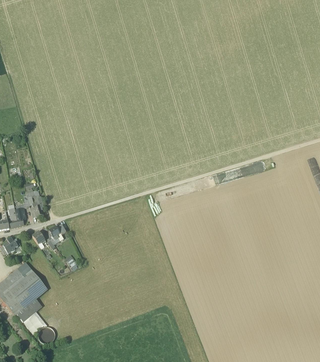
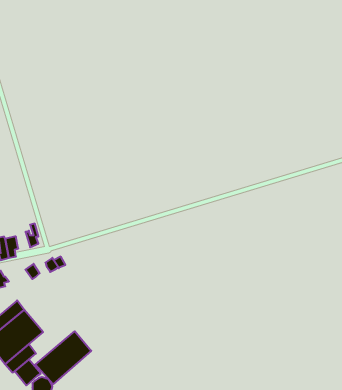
building: none -> [35,331,91,384]

